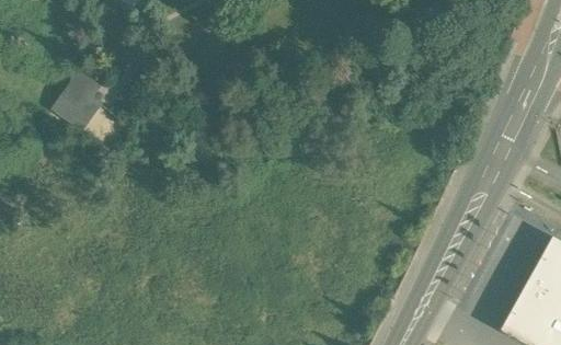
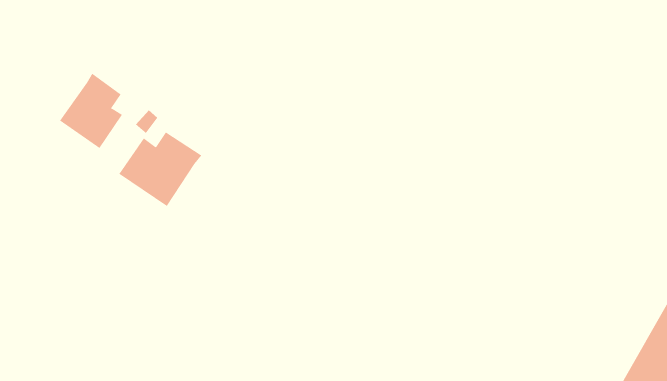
building: none -> [118,131,202,207]

